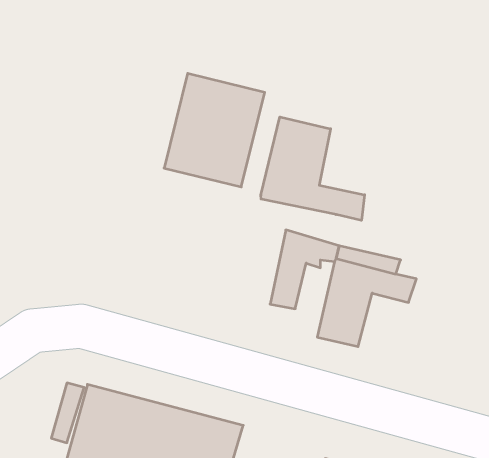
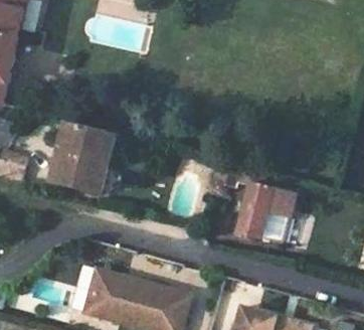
building: [164,73,265,187] -> [52,123,117,195]
building: [261,117,365,220] -> none

